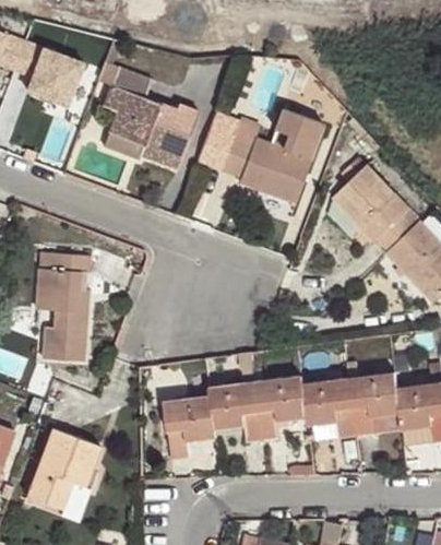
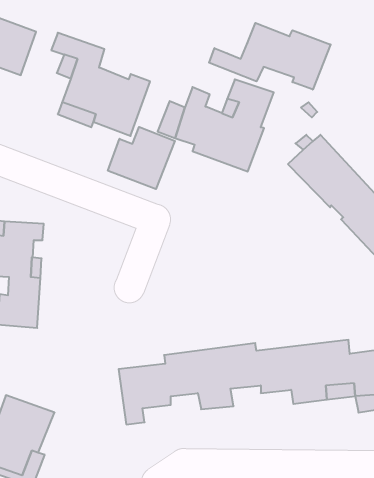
building: none -> [209,23,331,90]
building: none -> [108,127,175,189]

